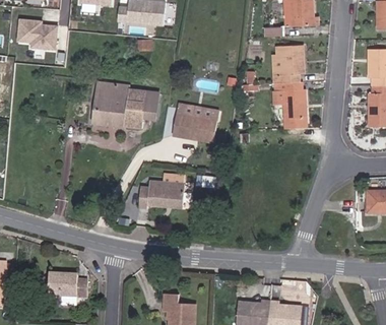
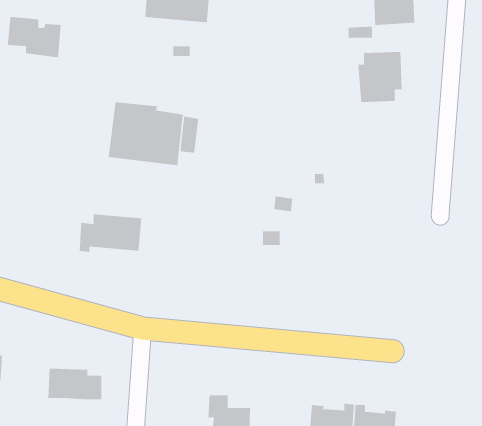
building: [273,81,308,128] -> none
building: [172,101,218,142] -> none
building: [139,180,185,208] -> [79,214,142,253]

